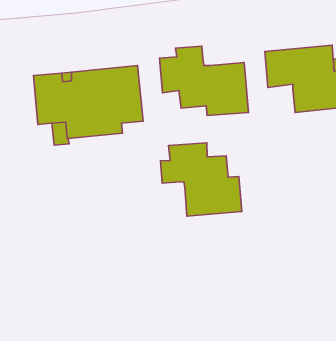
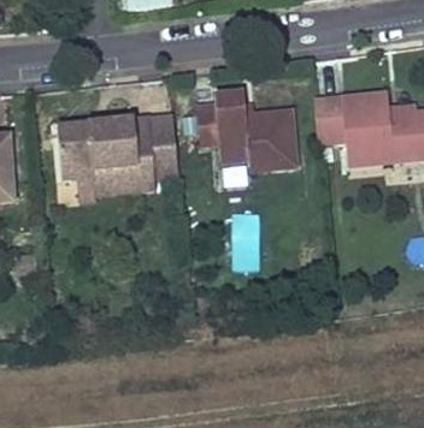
building: [160,143,242,216] -> none

